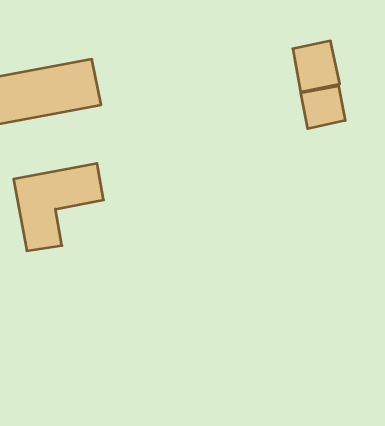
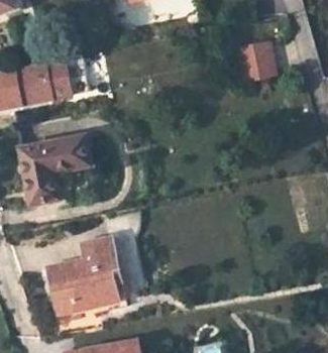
building: [301,86,345,129] -> none
building: none -> [47,239,126,315]

